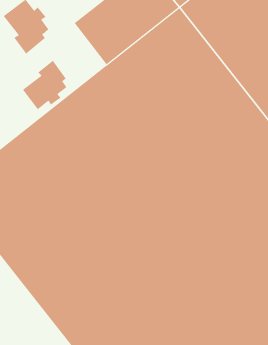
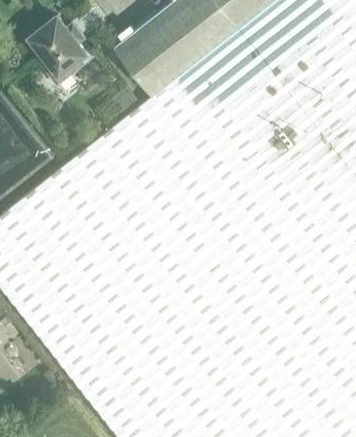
building: [22,60,67,110] -> none

